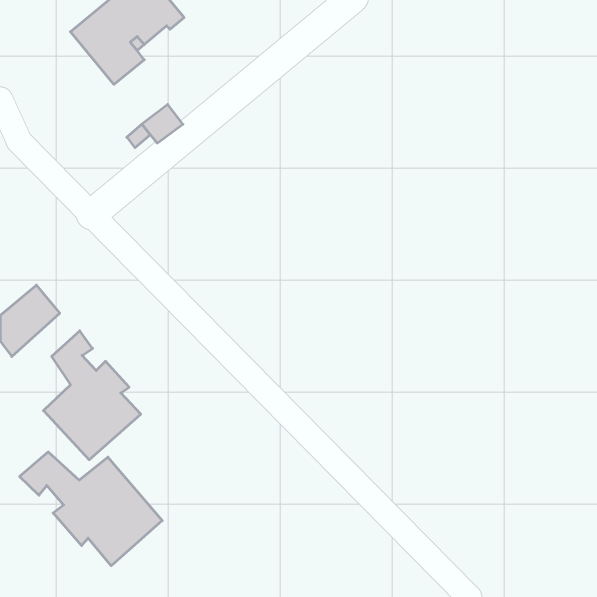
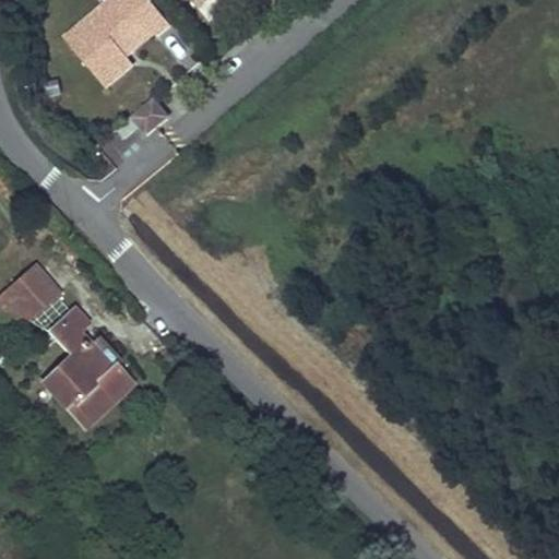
building: [20,452,162,566] -> none

